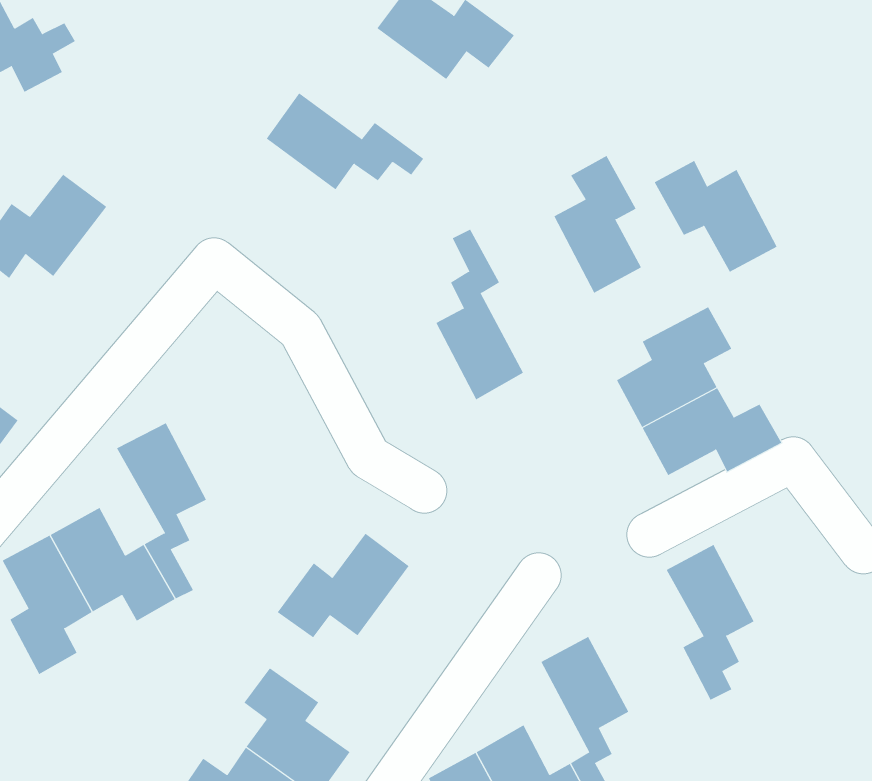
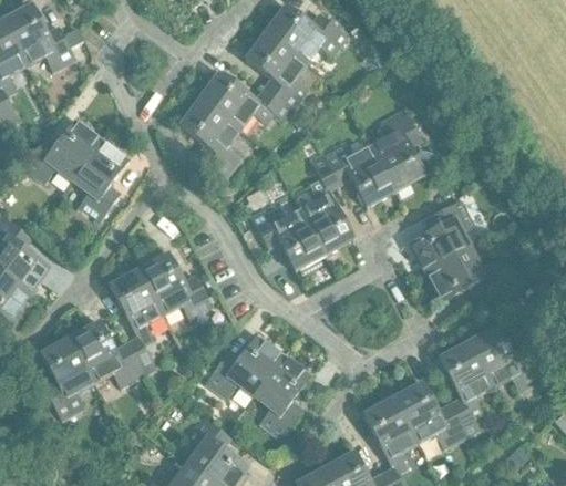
building: none -> [245,32,309,111]
building: none -> [178,99,241,177]
building: [654,160,777,273] -> [321,139,395,207]
building: none -> [71,139,130,223]
building: none -> [250,204,325,271]
building: none -> [138,252,212,320]
building: none -> [467,325,542,393]
building: none -> [254,355,311,438]
building: none -> [392,382,465,448]

